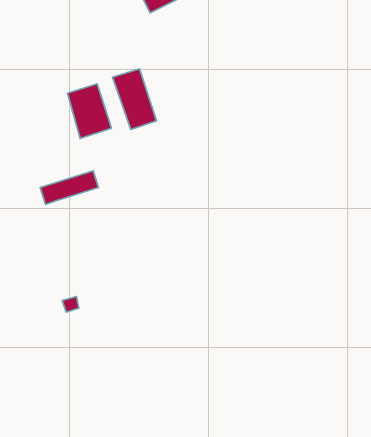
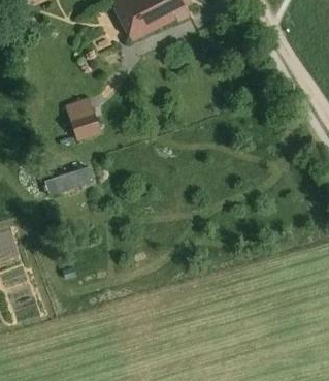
building: [112,69,156,130] -> none

